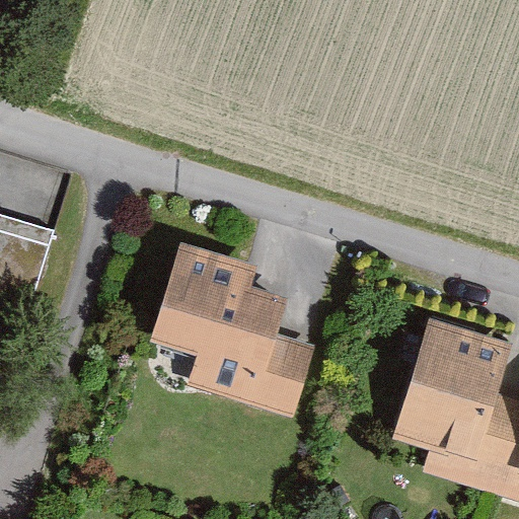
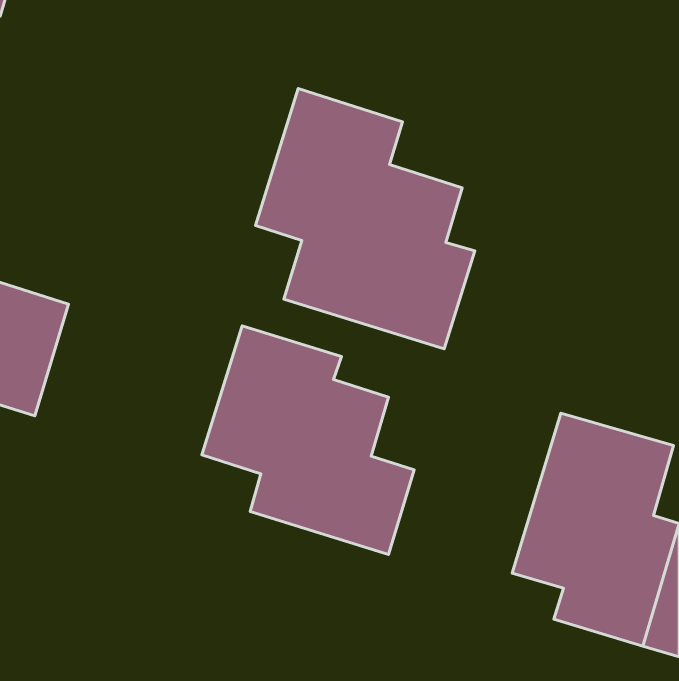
building: none -> [256,89,475,349]

